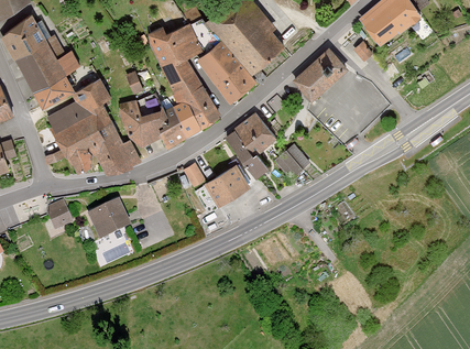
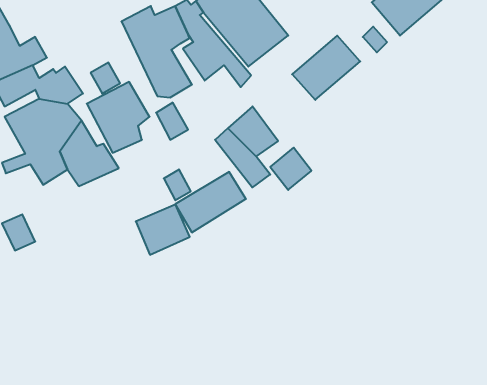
building: [217,73,248,105] -> none
building: [187,89,223,128] -> none
building: [160,113,187,149] -> none
building: [88,200,134,243] -> [136,205,190,255]

